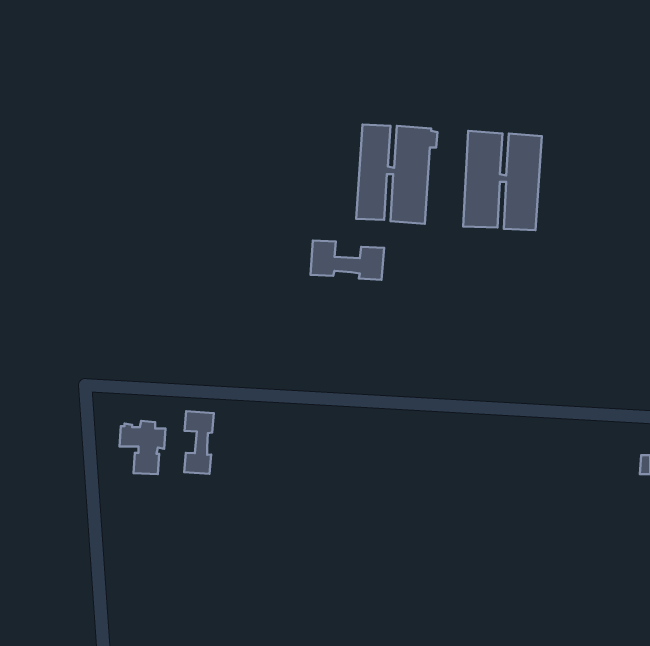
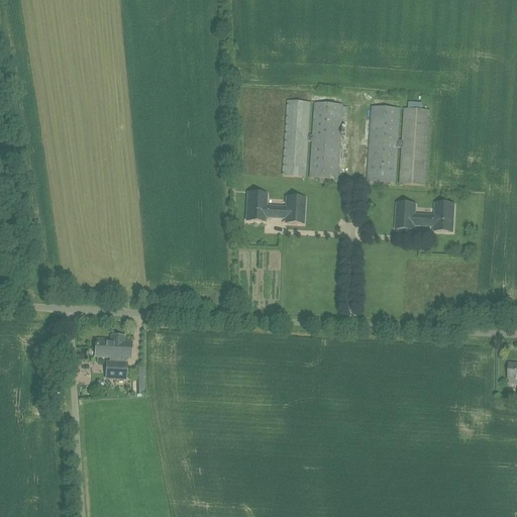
building: none -> [396,202,453,230]
building: [184,411,214,474] -> none

